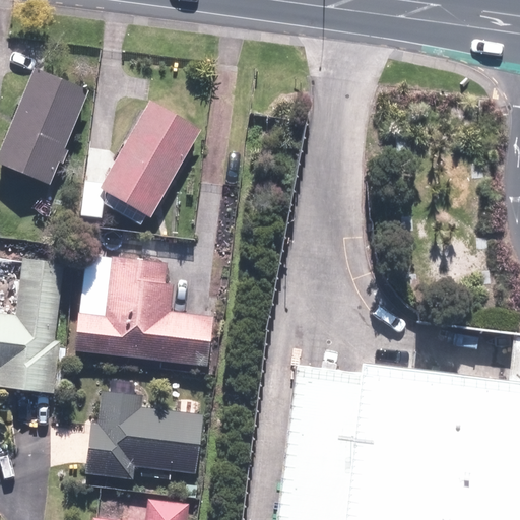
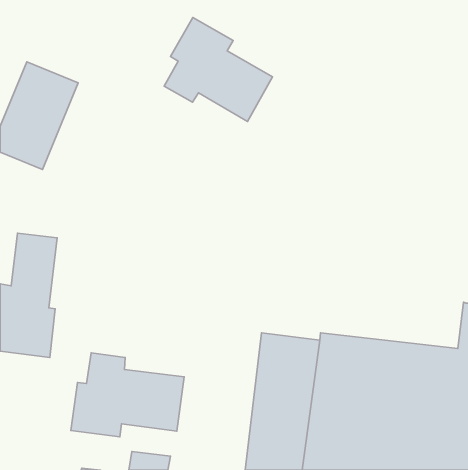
building: none -> [164,17,273,121]
building: [98,101,201,219] -> none
building: [73,253,214,367] -> none

